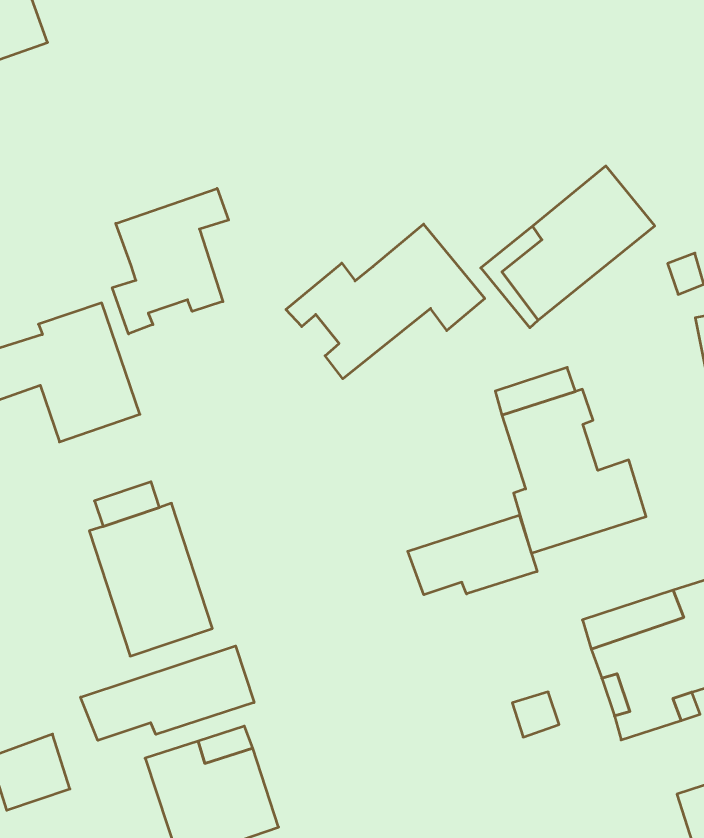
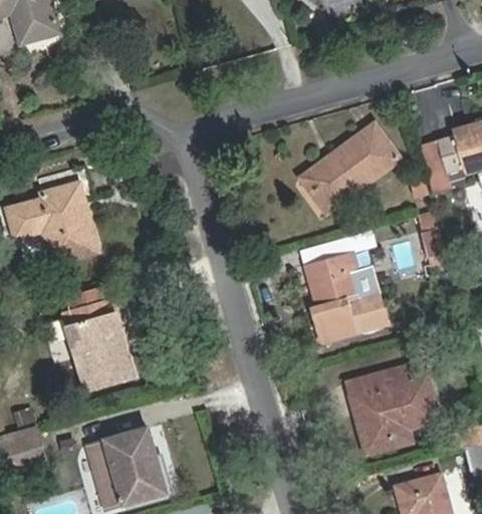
building: [112,188,229,334] -> none
building: [286,224,485,379] -> none
building: [408,515,537,595] -> none
building: [81,646,254,740] -> none

